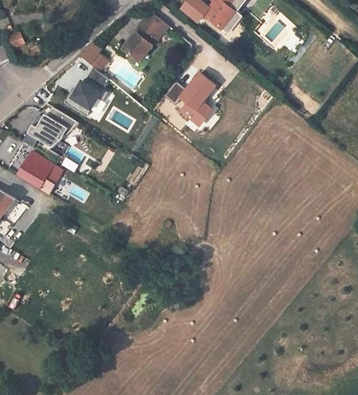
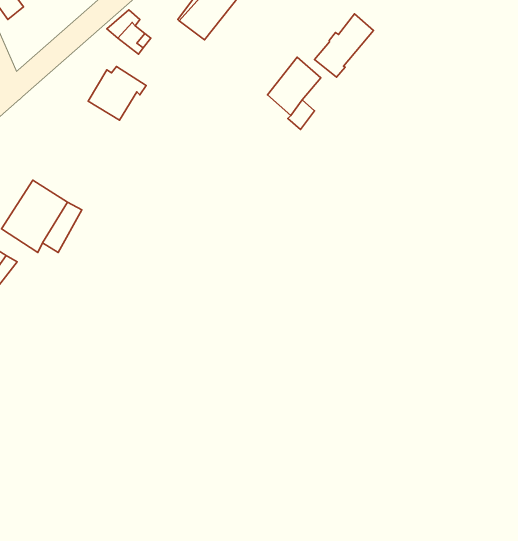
building: none -> [315,14,373,77]
building: [25,109,74,148] -> none

